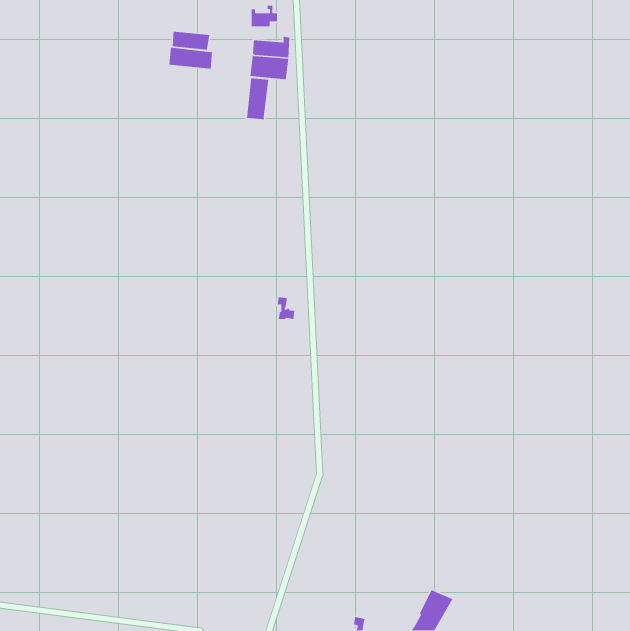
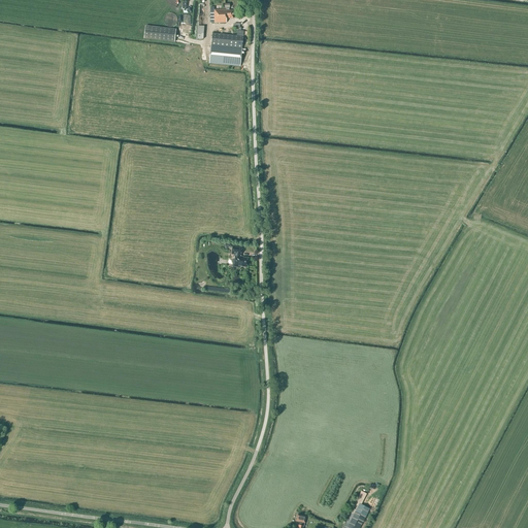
building: [169,47,213,69] -> none
building: [246,78,269,120] -> none

